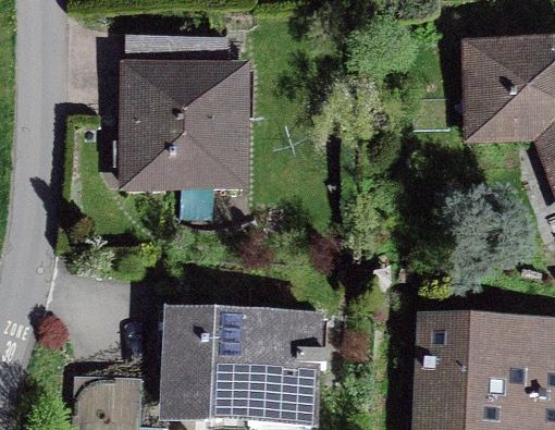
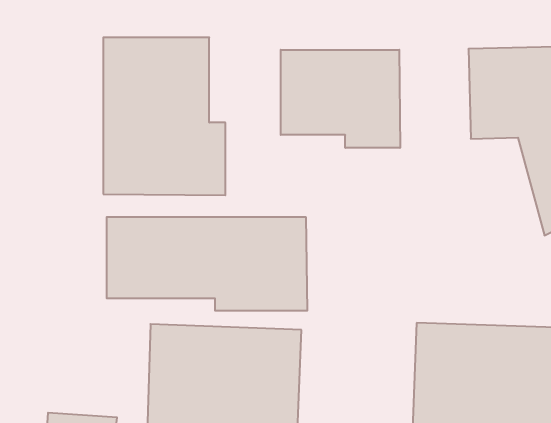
building: none -> [281,50,400,148]
building: none -> [107,217,307,311]

